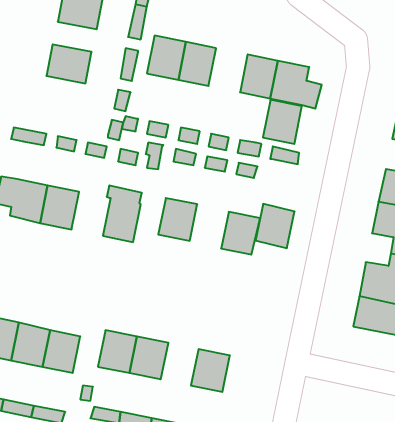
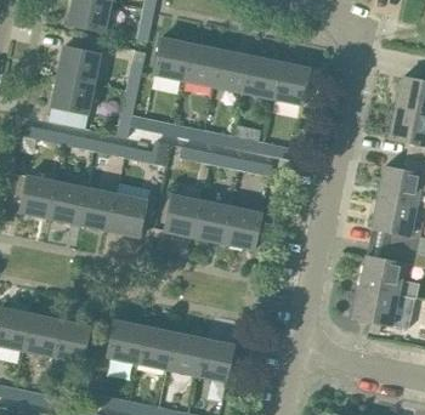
building: none -> [49,76,95,127]
building: [263,100,302,144] -> [214,50,251,92]
building: none -> [81,188,119,231]
building: [256,204,295,248] -> [195,200,233,243]
building: none -> [168,334,204,375]

